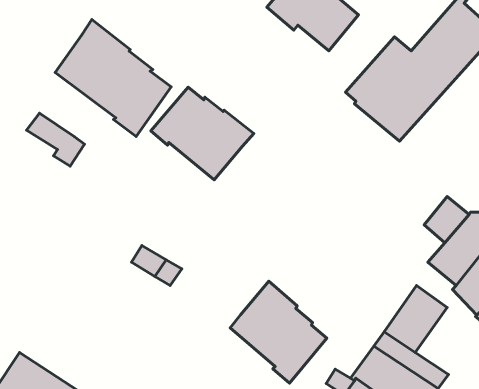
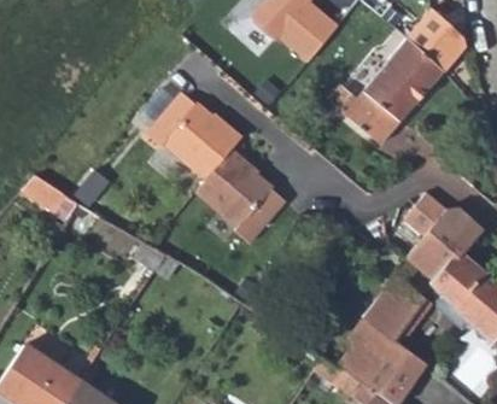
building: [55,19,171,136] -> none
building: [26,113,84,166] -> [23,176,77,226]
building: [230,281,327,383] -> [197,148,287,244]

